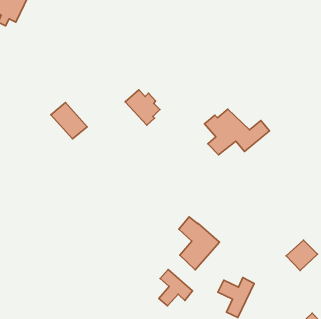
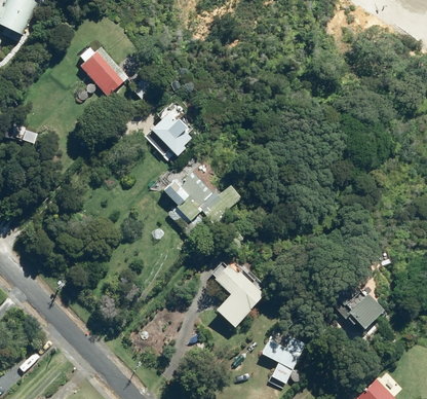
building: [51,103,87,139] -> [80,51,123,95]
building: [204,109,269,155] -> [165,172,242,226]
building: [159,269,193,306] -> none

